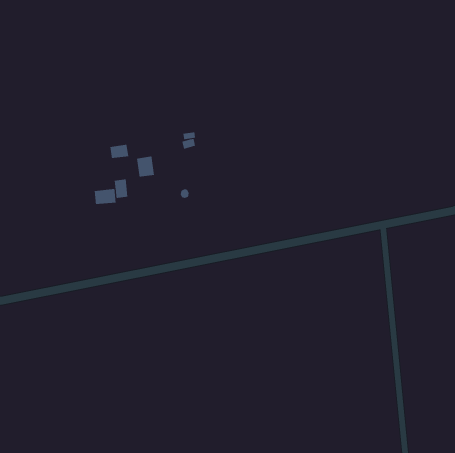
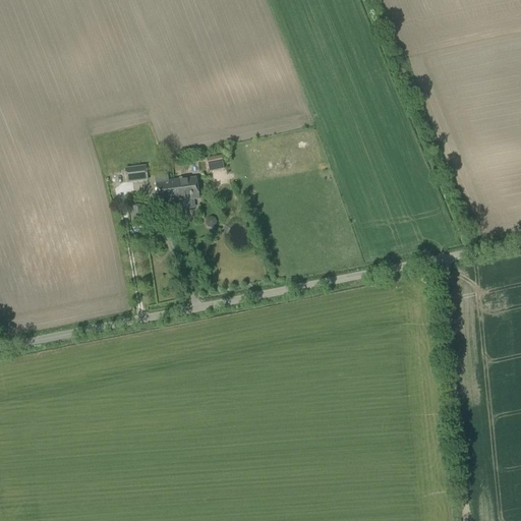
building: none -> [174,176,199,200]
building: [94,188,116,205] -> none

